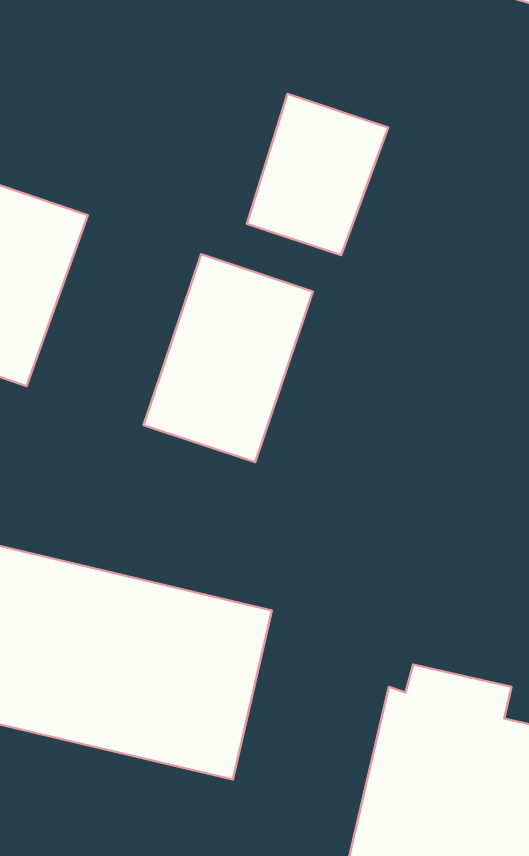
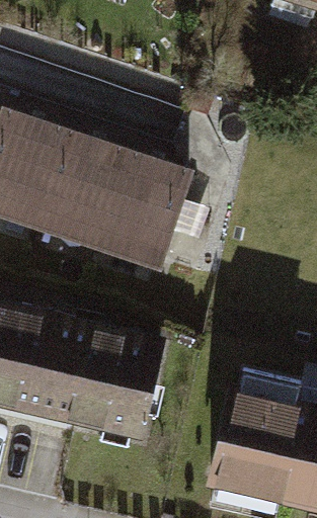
building: [247,94,388,255] -> none
building: none -> [34,134,130,248]

